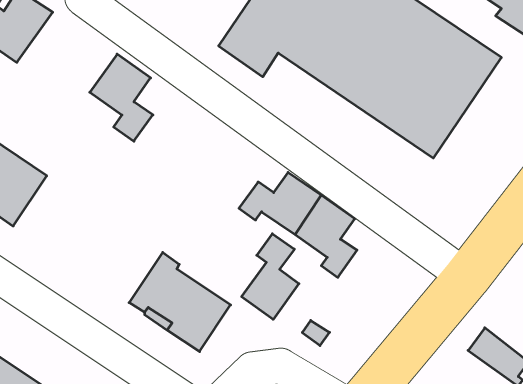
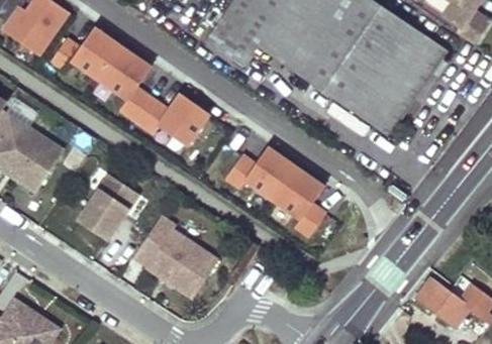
building: none -> [50,28,122,80]
building: none -> [136,93,208,146]
building: none -> [78,174,138,240]
building: [242,234,299,319] -> none

